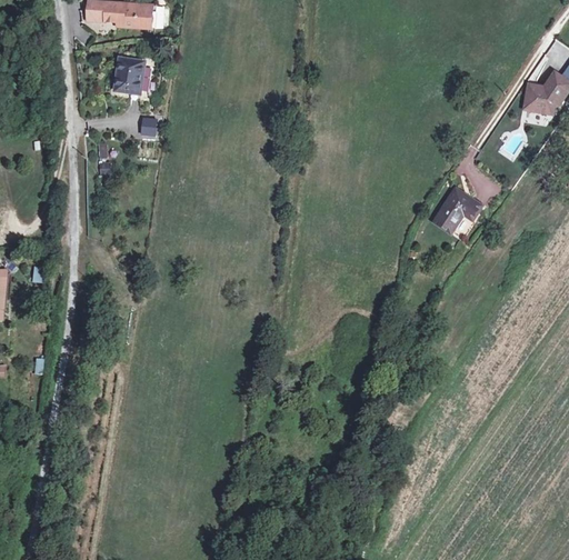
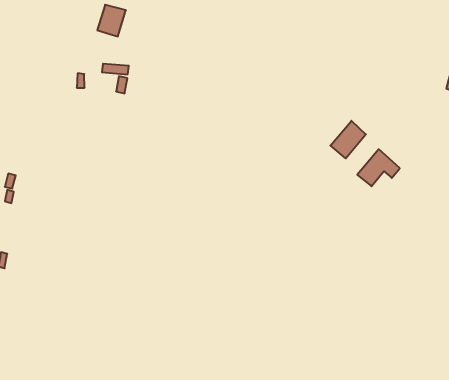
building: none -> [330,121,366,158]

